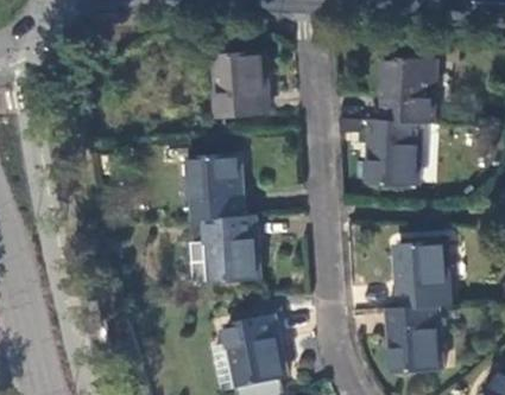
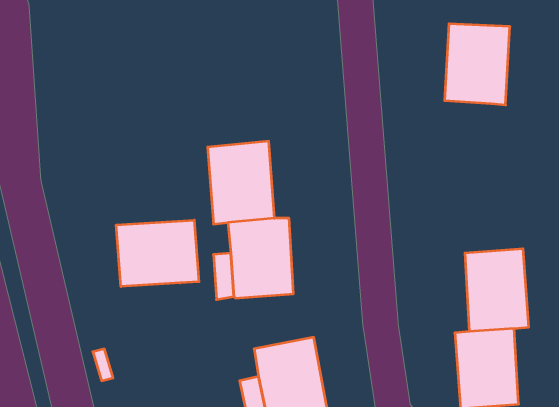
building: [210,53,264,119] -> none
building: [365,121,417,186] -> none
building: none -> [116,220,199,287]

